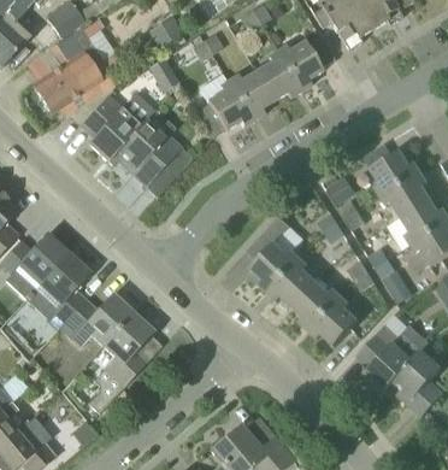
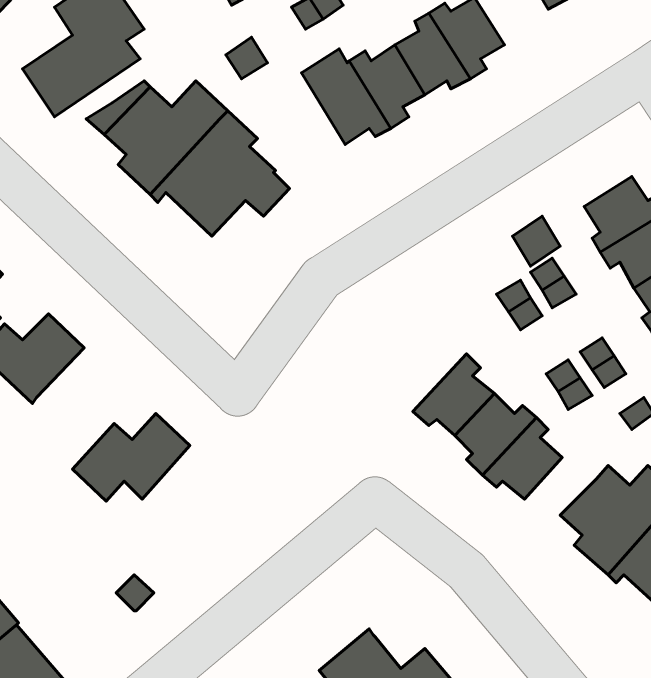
building: [246,216,303,292] -> none
building: [36,253,89,329] -> none
building: [102,312,153,386] -> none

